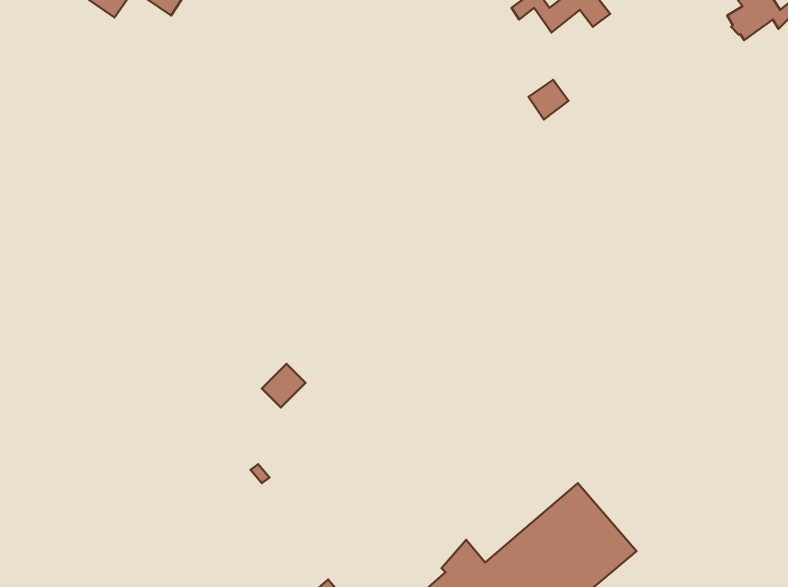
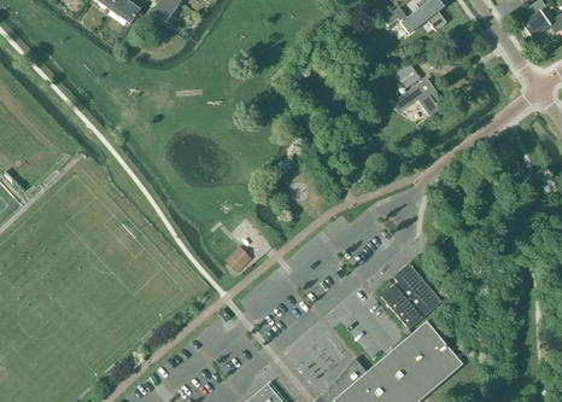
building: none -> [391,77,440,116]
building: none -> [380,263,441,330]

